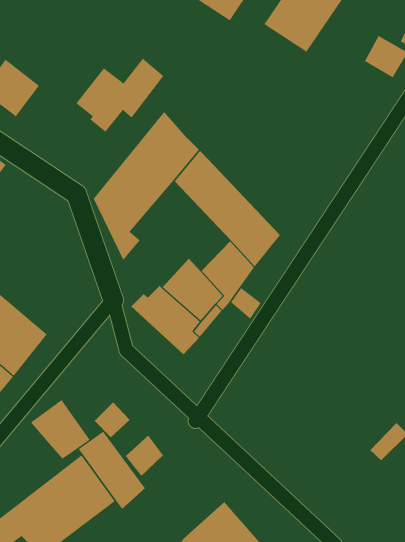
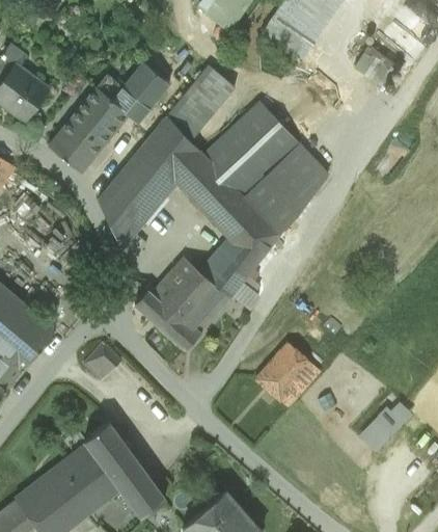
building: none -> [166,68,234,141]
building: none -> [202,102,328,235]
building: none -> [49,108,110,172]
building: none -> [256,344,320,407]
building: [30,399,90,459] -> none
building: [94,401,130,438] -> [84,345,119,380]
building: [125,435,164,477] -> [126,478,163,518]

